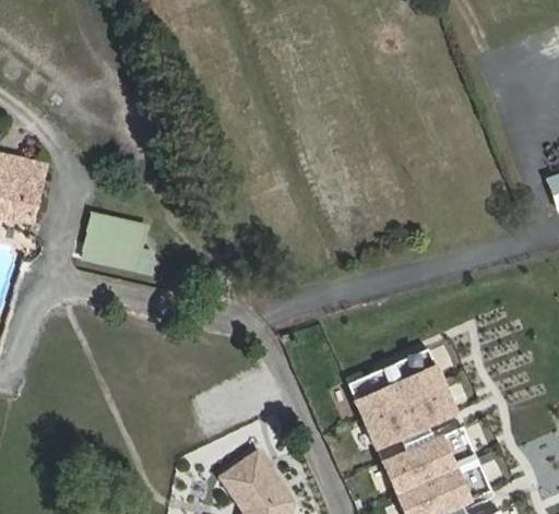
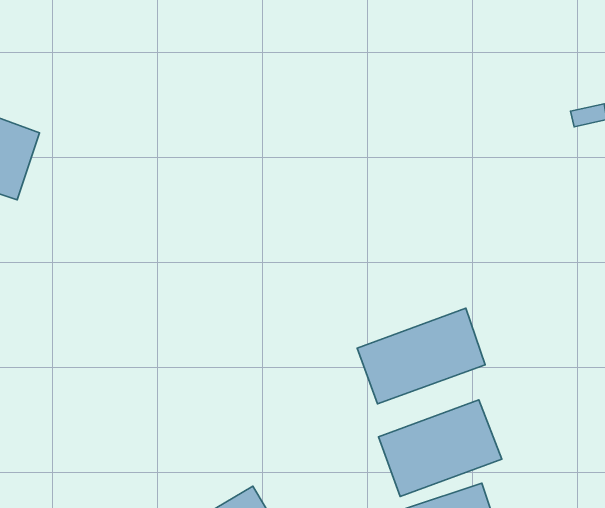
building: [78,214,142,272] -> none
building: none -> [357,308,485,404]

